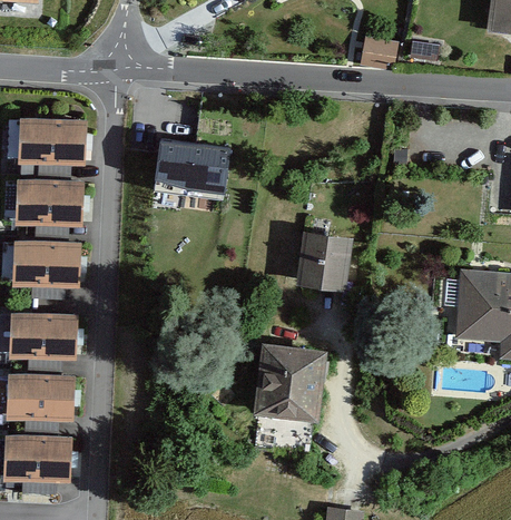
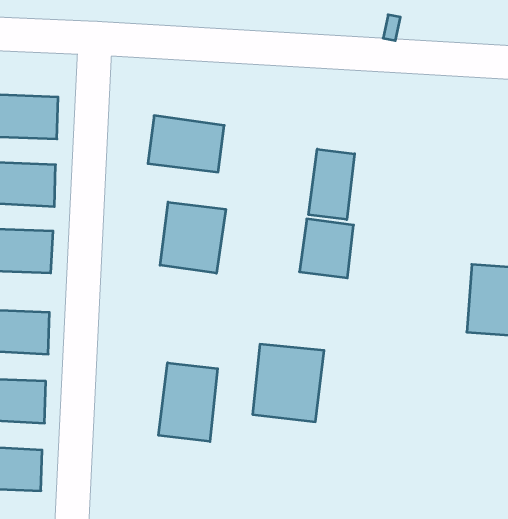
building: none -> [309,149,355,220]
building: none -> [160,202,226,273]
building: none -> [159,363,218,442]

